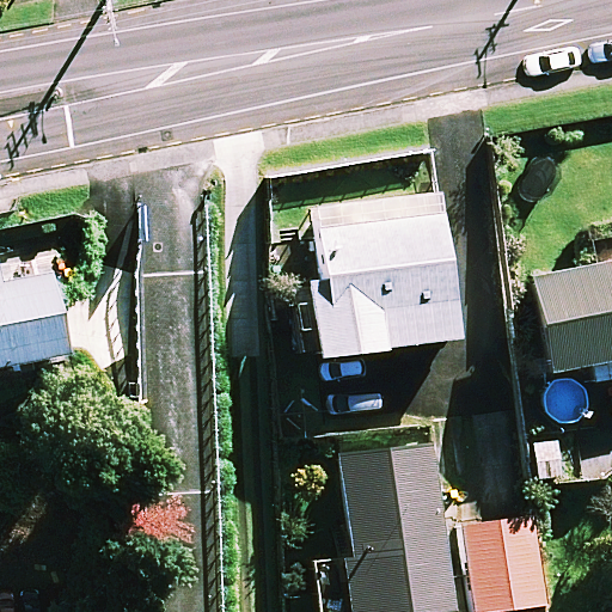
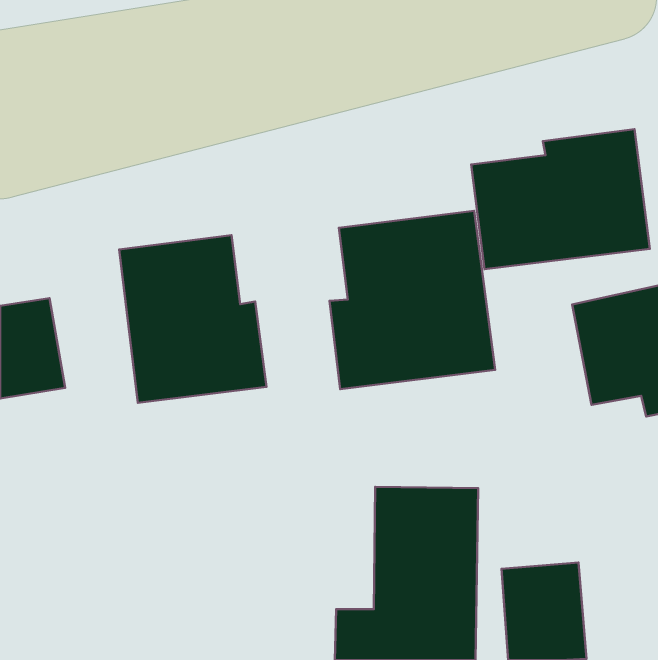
building: none -> [471,129,650,269]
building: none -> [119,235,266,403]

